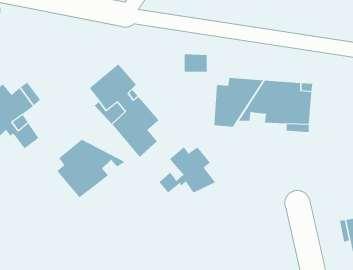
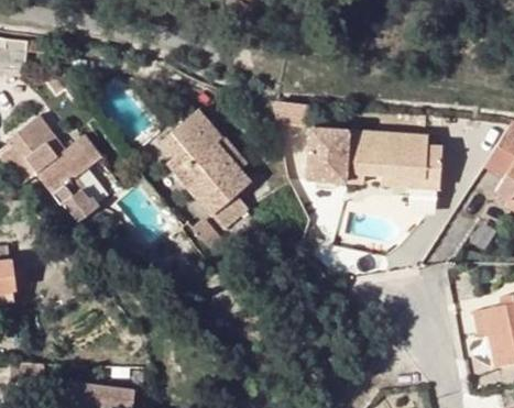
building: [56,139,125,198] -> none
building: [159,146,216,193] -> none

